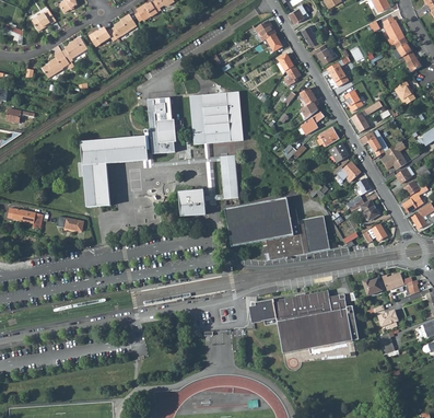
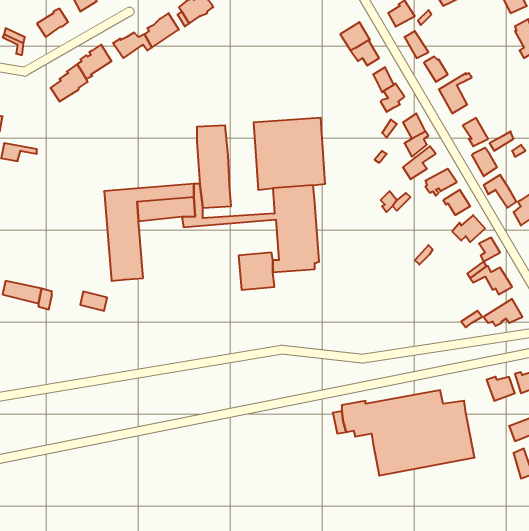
building: [223,195,328,258] -> none

